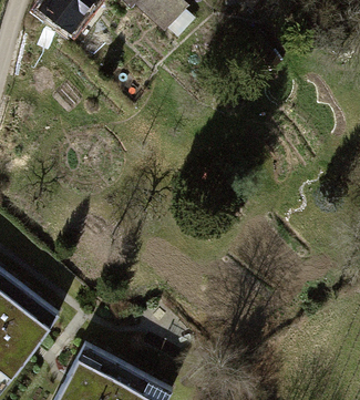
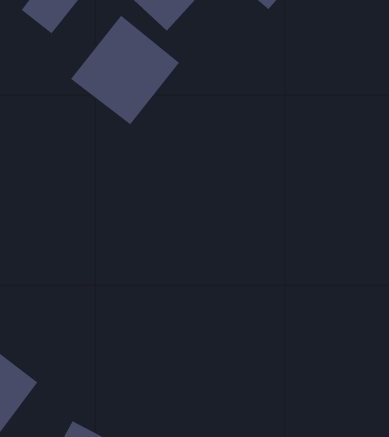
building: none -> [70,15,180,125]

